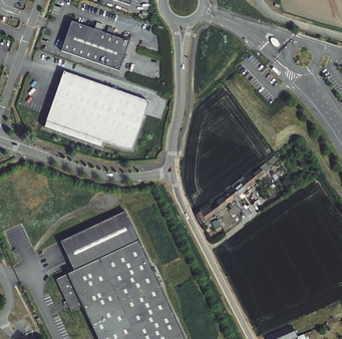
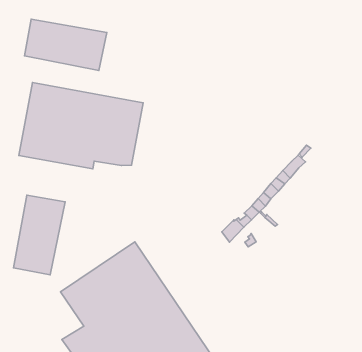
building: none -> [13,195,65,275]

